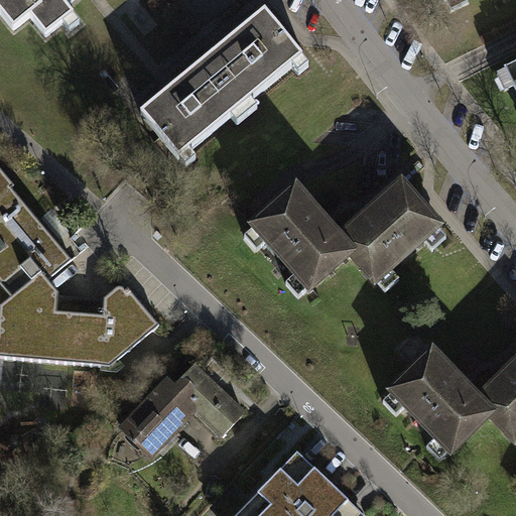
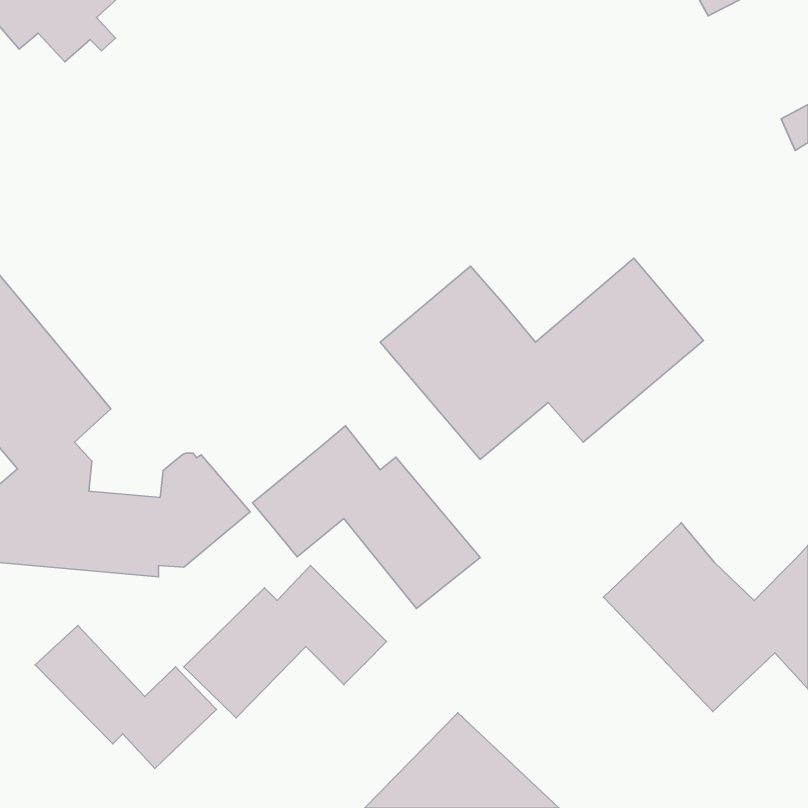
building: [146,15,309,164] -> none
building: none -> [253,426,480,608]
building: none -> [35,626,217,768]

